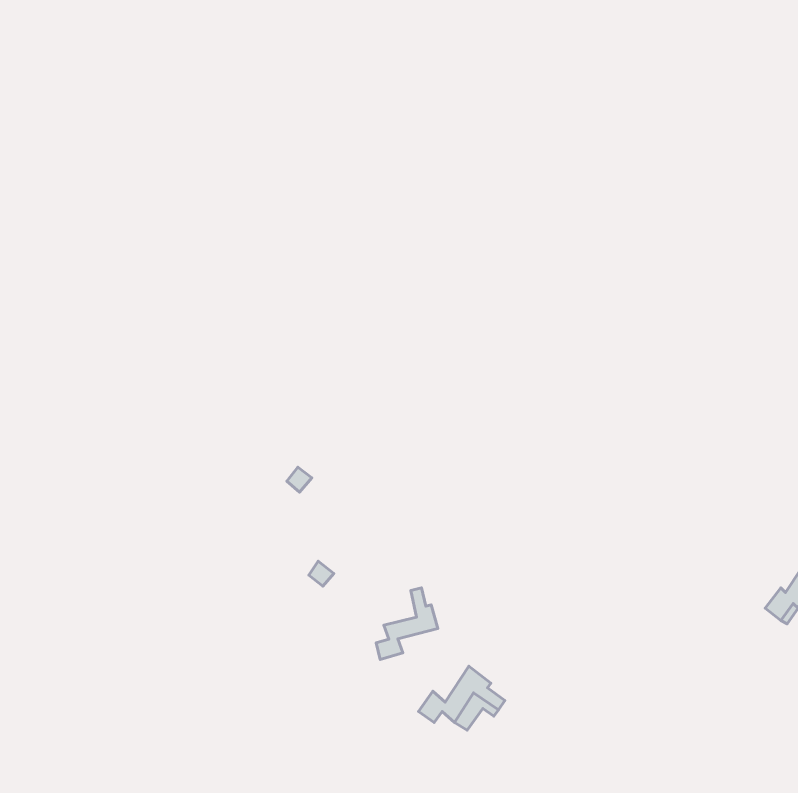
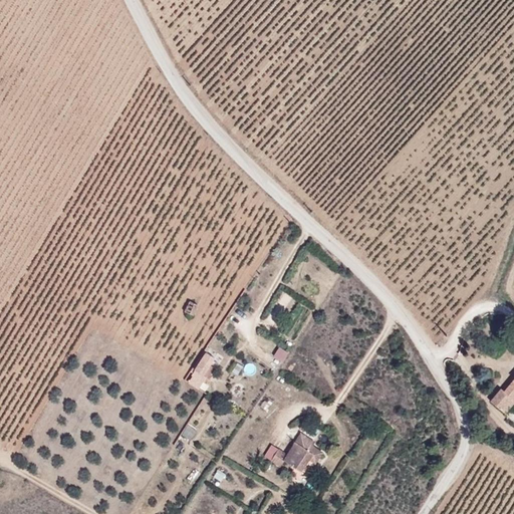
building: [376,588,438,659] -> none

